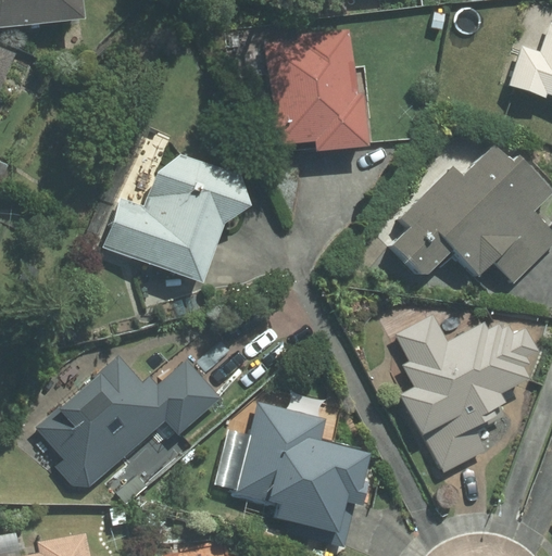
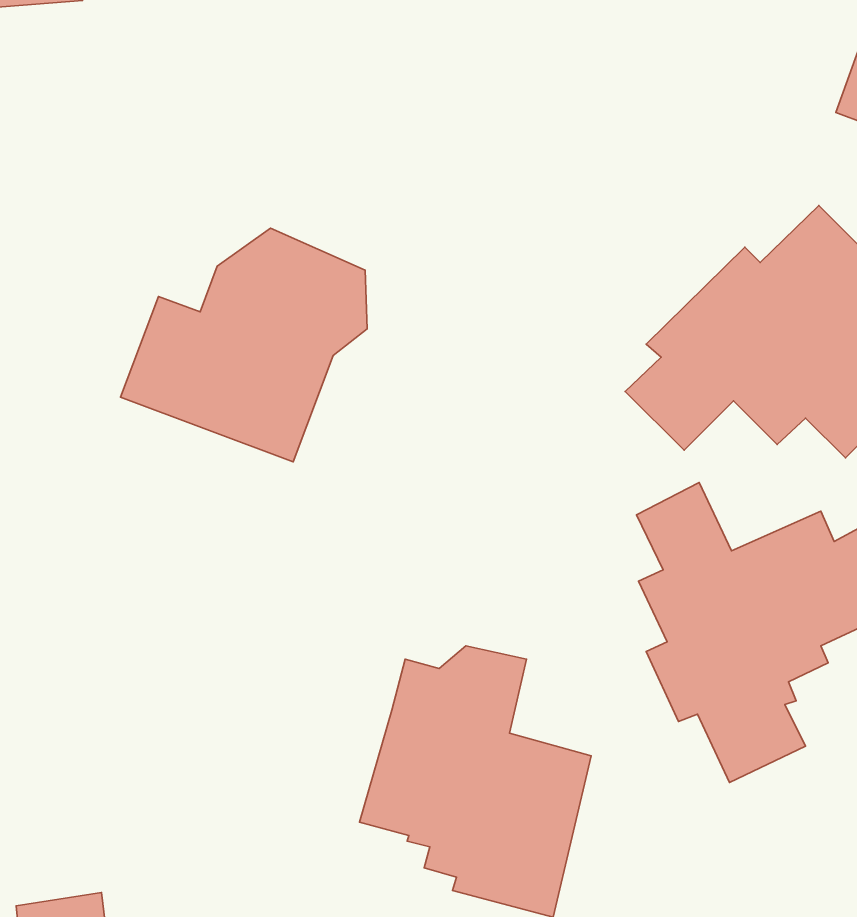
building: [265,29,365,153] -> none
building: [38,358,224,488] -> none

